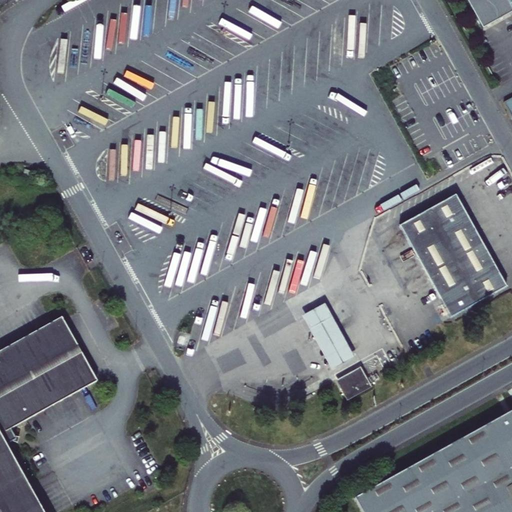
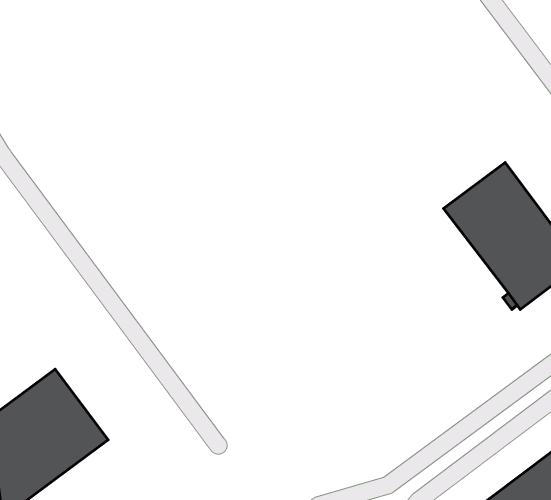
building: [302,304,354,371] -> none
building: [335,366,373,402] -> none

